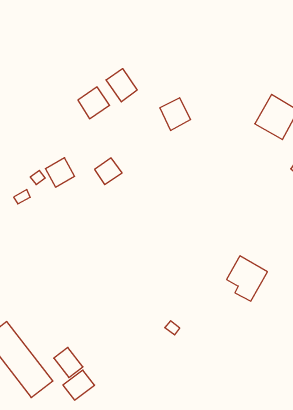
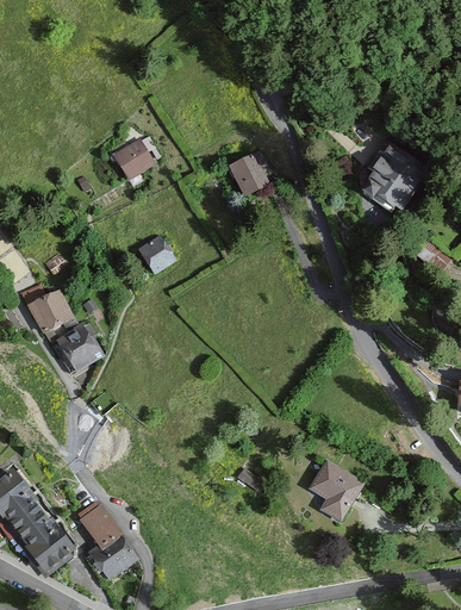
building: [106,69,137,102] -> none
building: [45,158,75,187] -> [30,290,71,331]
building: none -> [57,325,101,371]
building: [227,256,267,301] -> [307,455,366,519]

